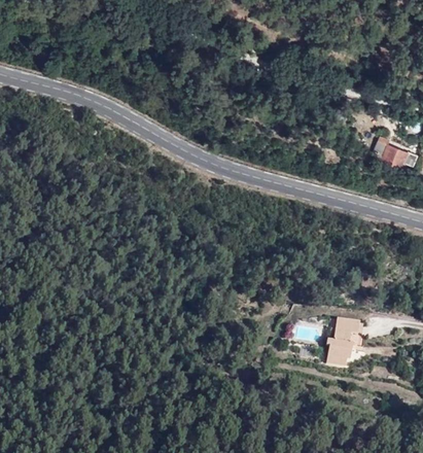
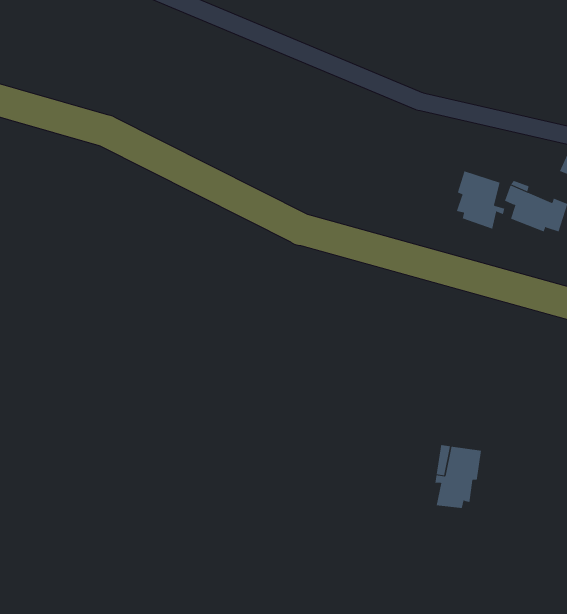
building: none -> [456,171,505,229]

